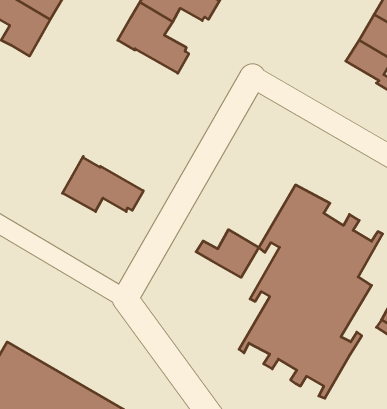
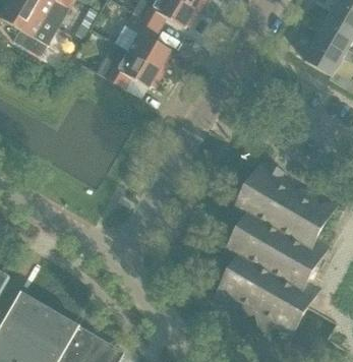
building: [62,156,143,212] -> [97,41,164,86]
building: [196,230,259,277] -> none

